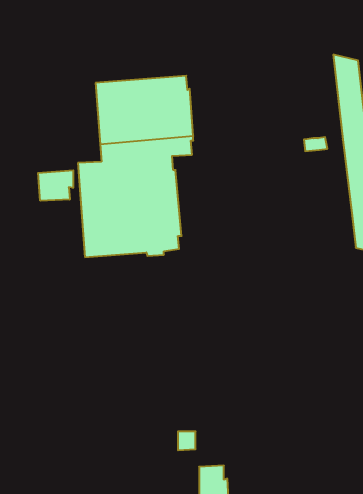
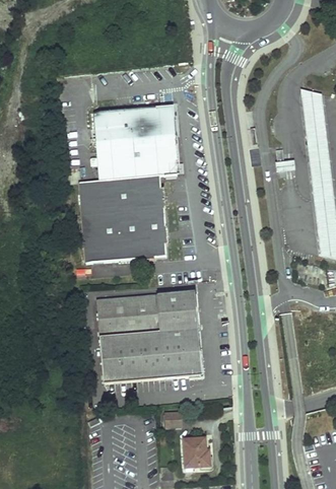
building: [38,170,73,201] -> none
building: none -> [95,289,201,380]

